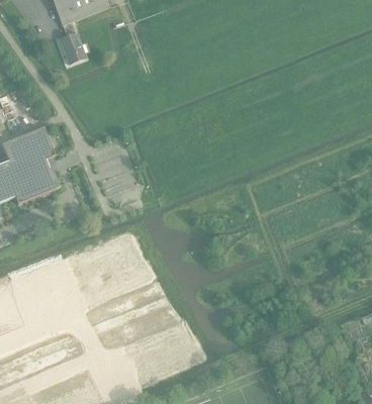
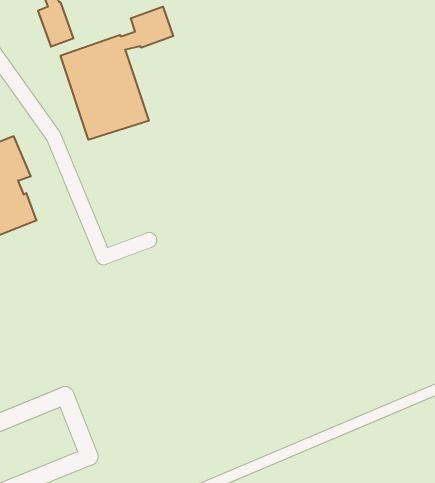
building: none -> [61,7,173,140]

